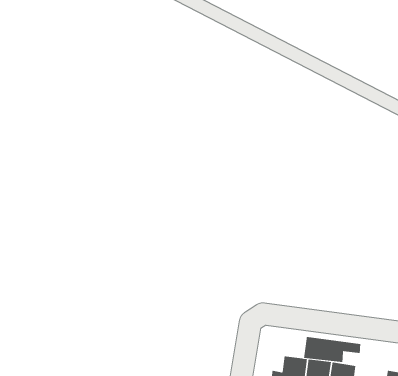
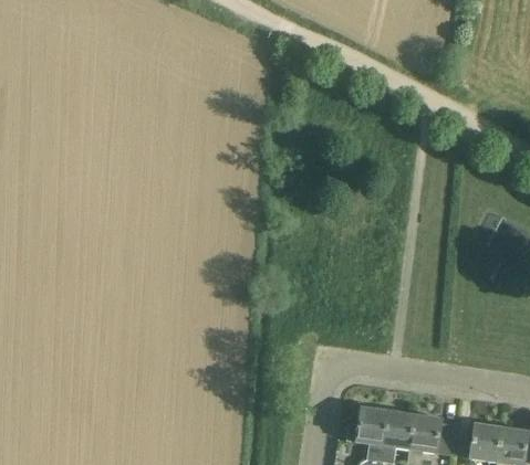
building: [304,336,361,363] -> none

